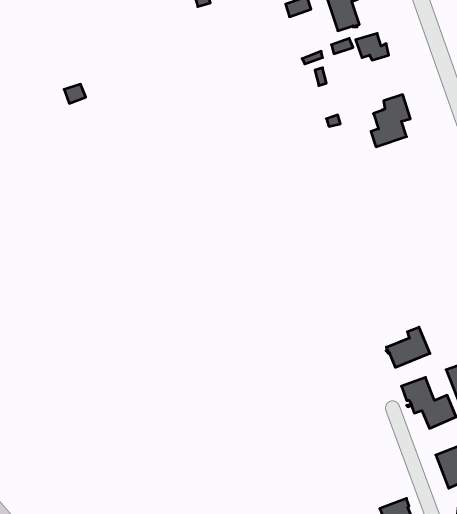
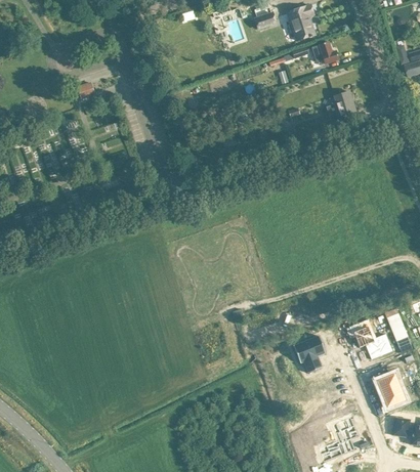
building: [386,327,430,367] -> none
building: none -> [294,335,326,373]

